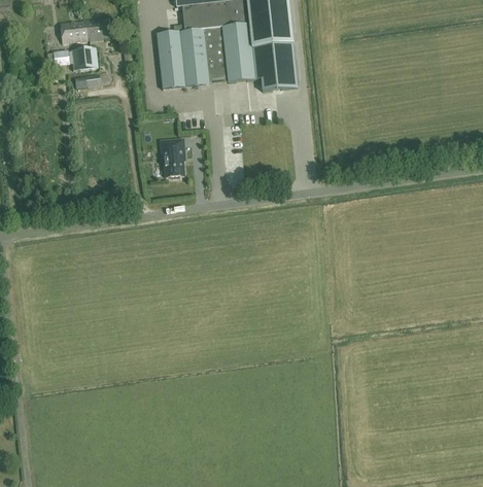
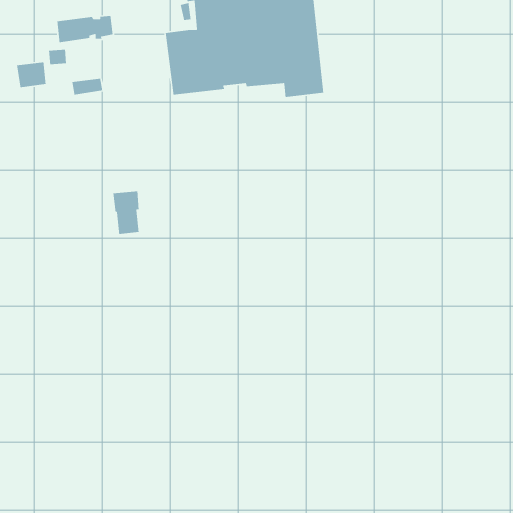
building: [70,45,97,69] -> [16,61,46,88]
building: [160,137,183,176] -> [113,191,139,235]

